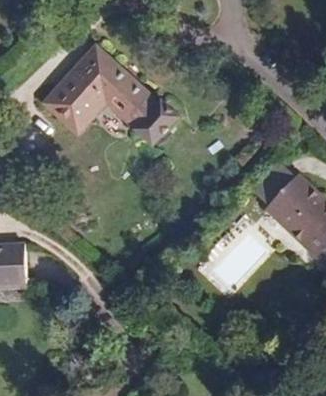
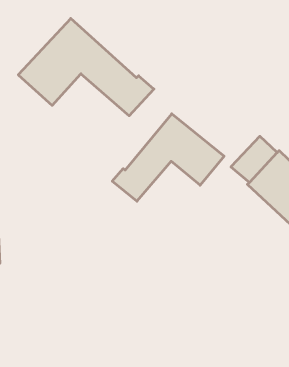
building: none -> [112,114,224,201]

